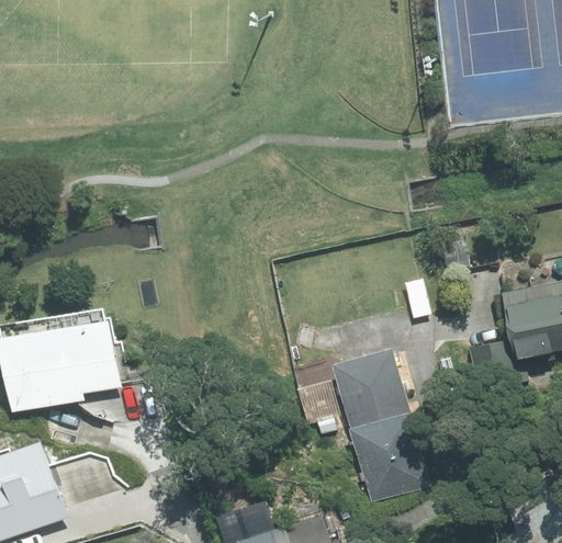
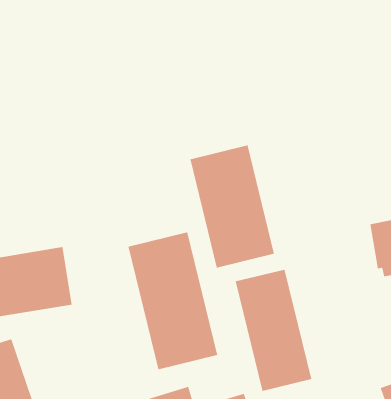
building: none -> [190,144,275,269]
building: none -> [128,231,218,370]

